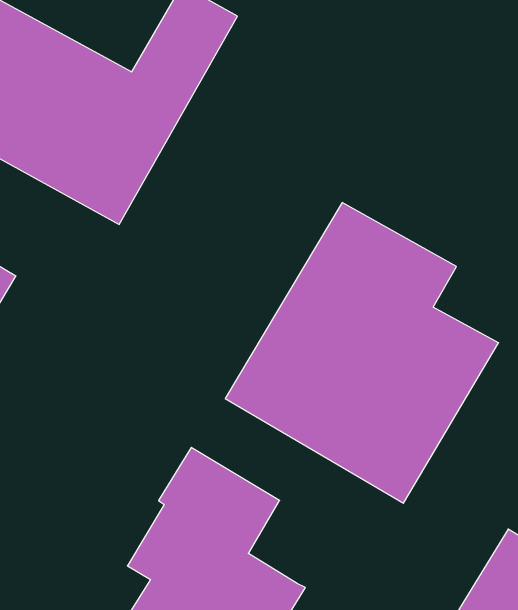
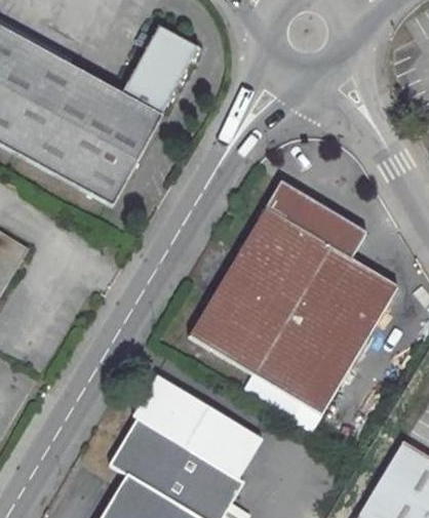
building: none -> [204,414,265,477]

